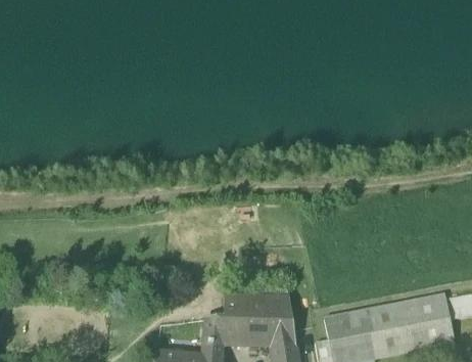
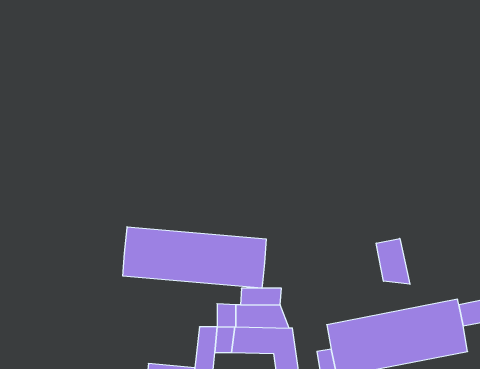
building: none -> [123,227,266,288]
building: none -> [376,238,410,284]

